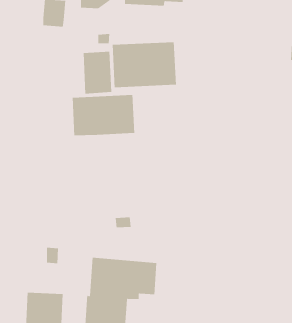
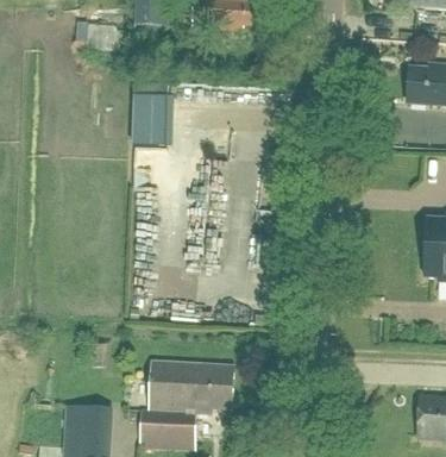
building: [112,41,176,88] -> none
building: [72,94,135,136] -> none

